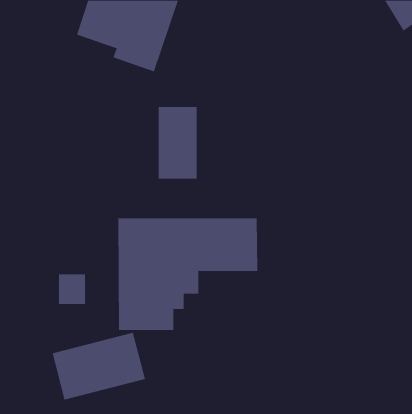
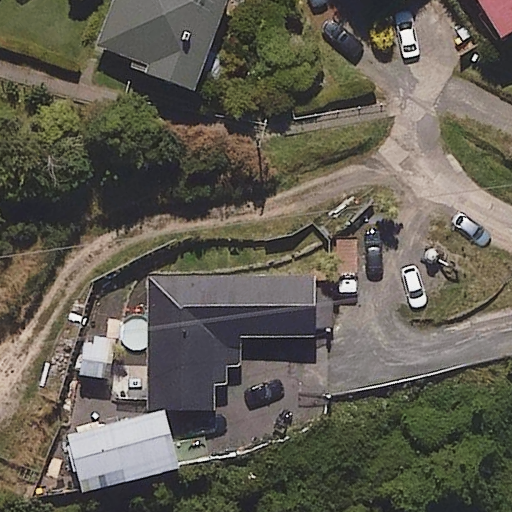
building: [158,106,197,180] -> none

